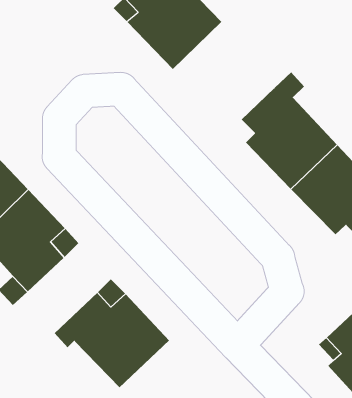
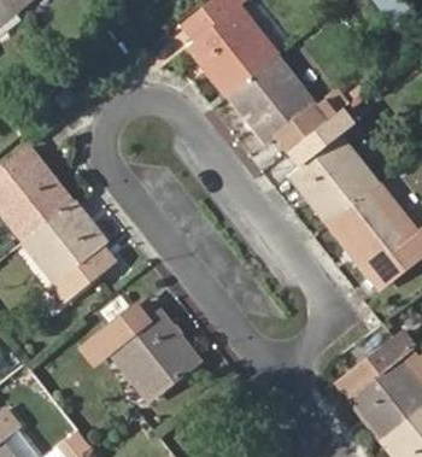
building: none -> [227,54,323,151]

